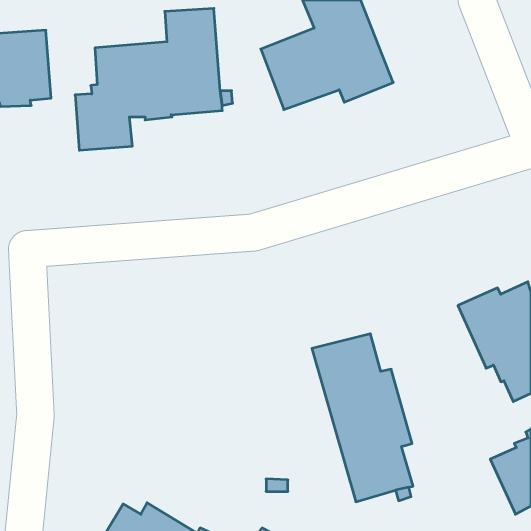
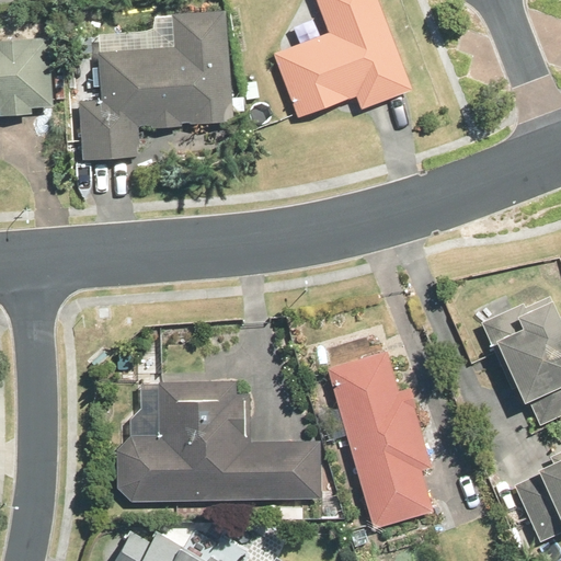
building: none -> [117,379,320,503]

